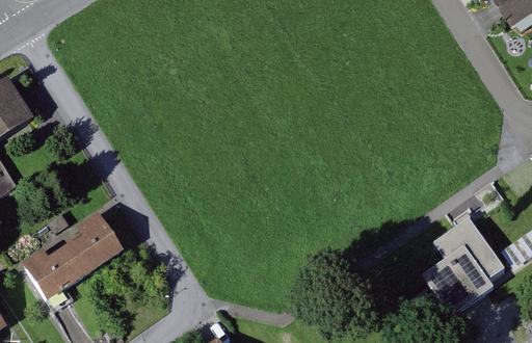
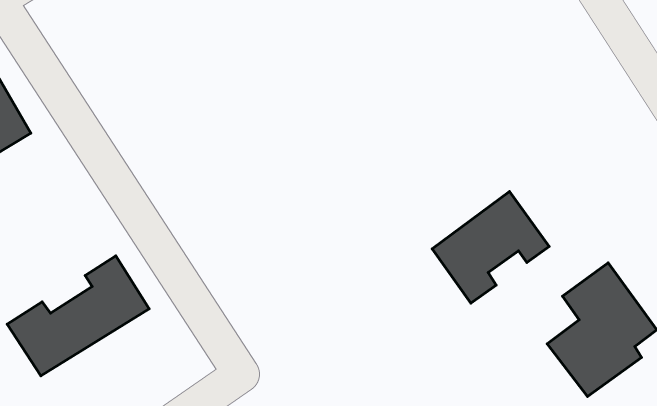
building: none -> [432,192,549,303]

